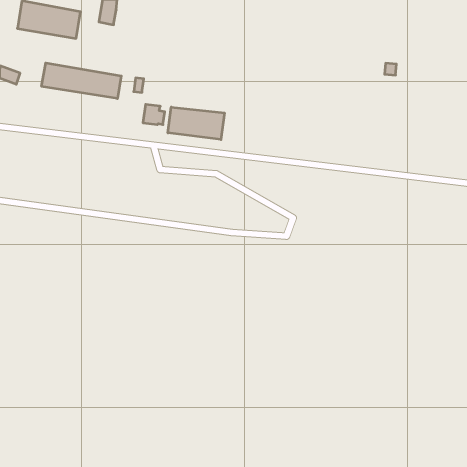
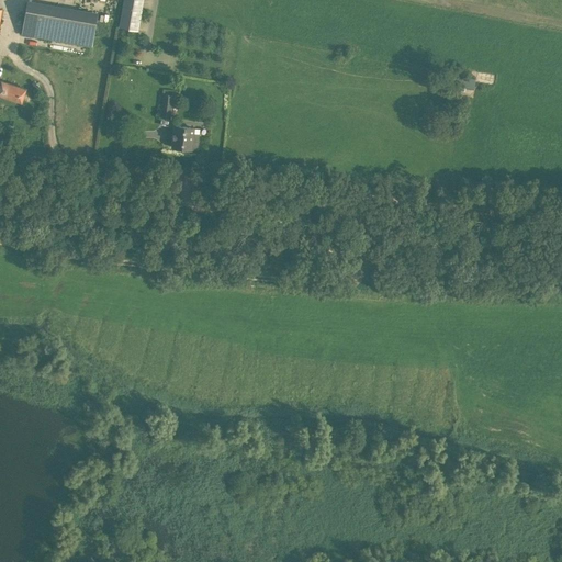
building: [42,63,121,99] -> none
building: [168,107,224,140] -> none

